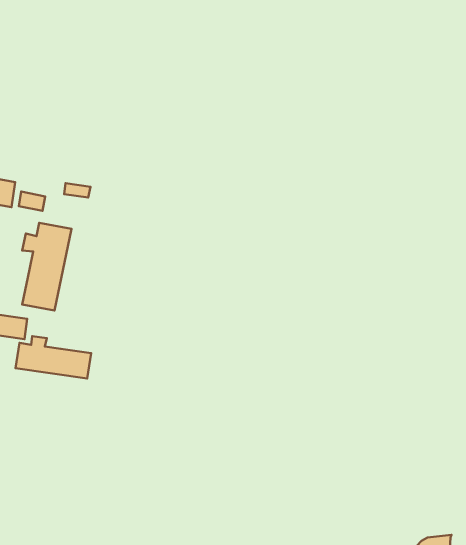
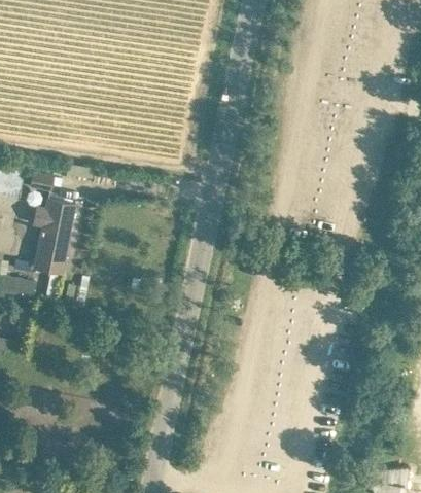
building: [15,336,91,378] -> none

